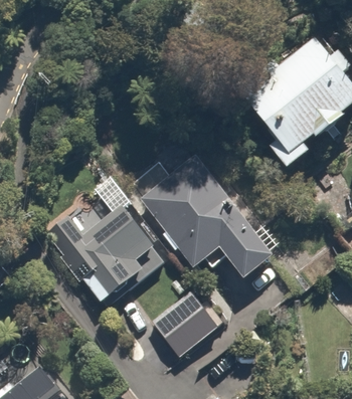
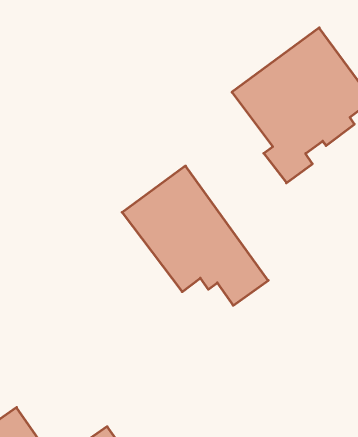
building: [45,182,164,296] -> none
building: [149,289,220,361] -> none

